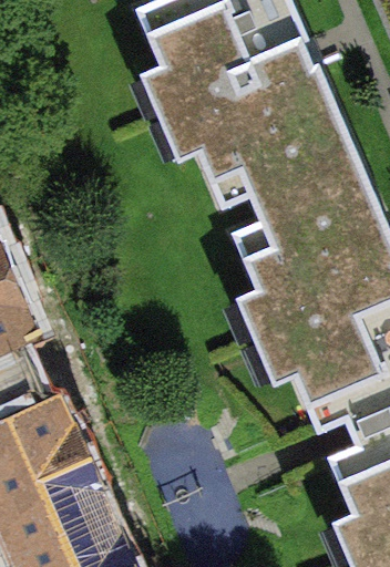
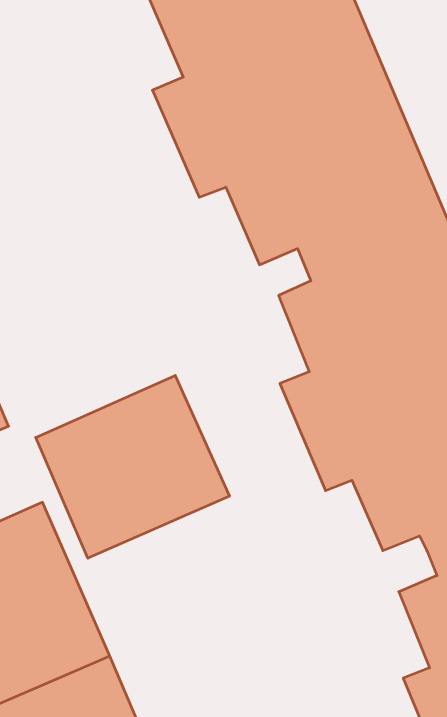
building: none -> [36,375,229,558]

